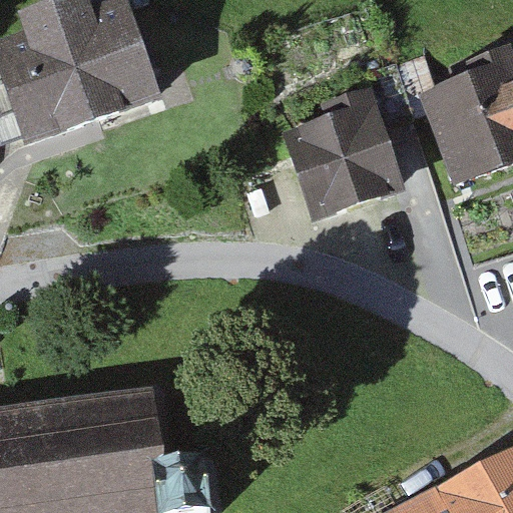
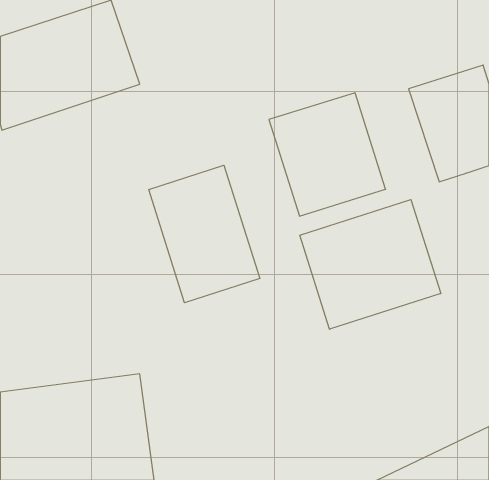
building: none -> [149,165,260,303]
building: none -> [300,200,441,329]

